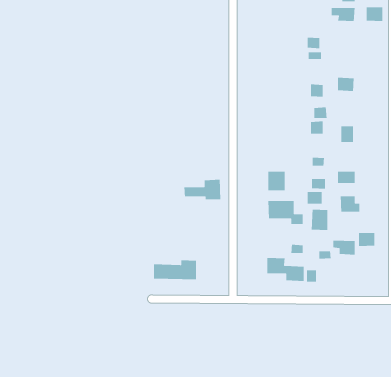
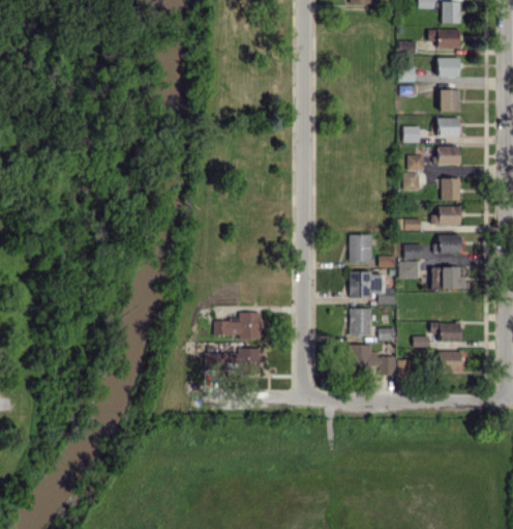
building: [366,6,383,22] -> [437,57,459,77]
building: none -> [440,89,460,112]
building: none -> [437,146,460,165]
building: none -> [431,206,461,225]
building: [183,179,221,200] -> [214,312,262,339]
building: [311,209,328,231] -> [350,307,371,335]
building: [358,232,375,247] -> [440,351,461,370]

